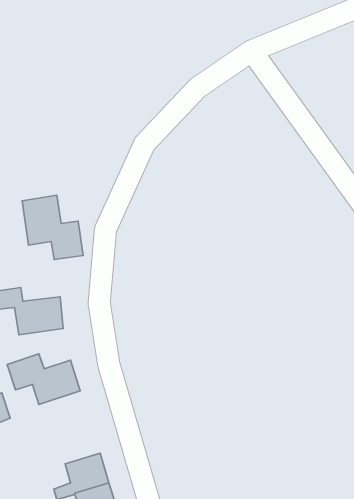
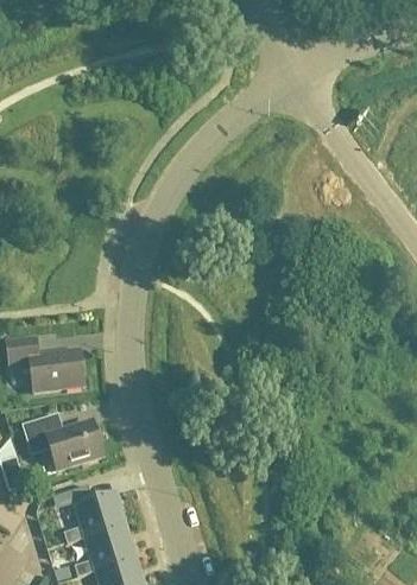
building: [22,195,83,259] -> none
building: none -> [62,490,125,542]

